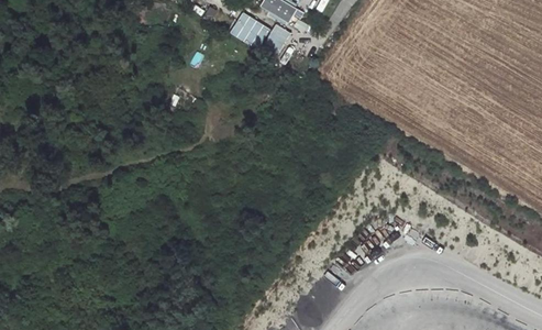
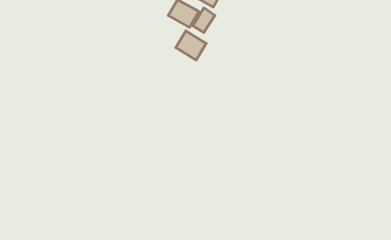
building: none -> [176,31,206,60]

